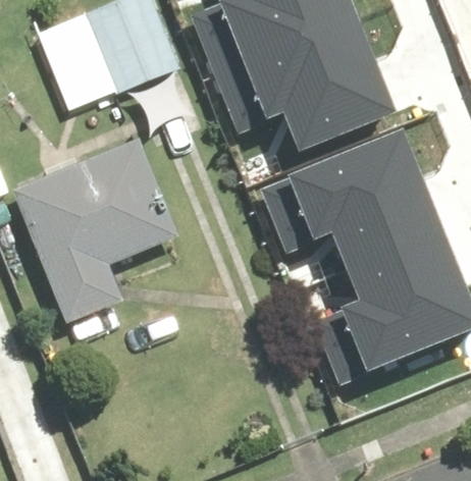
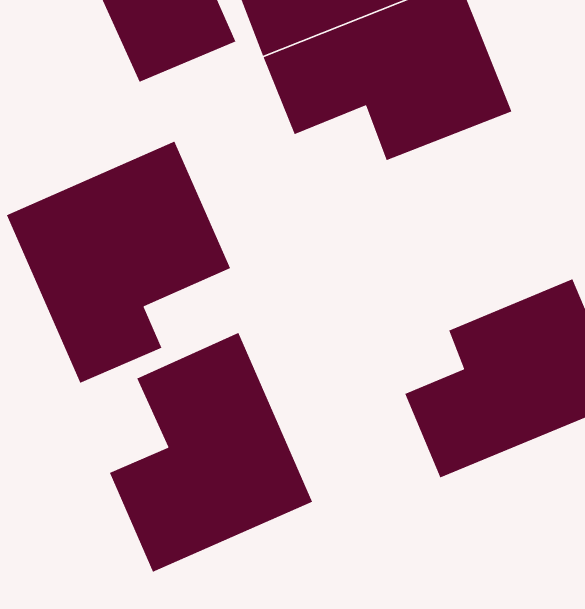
building: [257,130,439,274] -> none
building: none -> [109,332,313,573]

